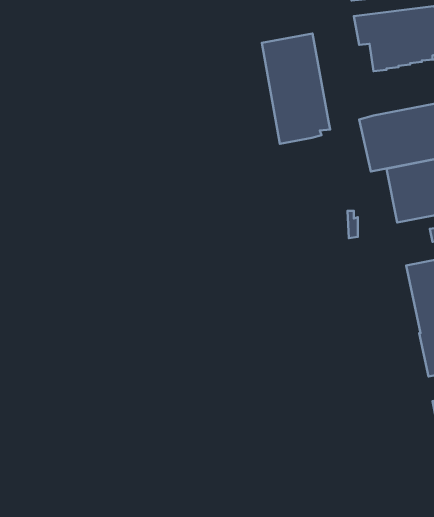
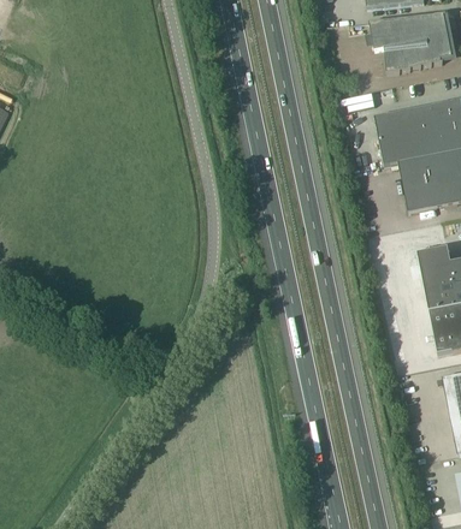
building: [262,34,330,144] -> none

